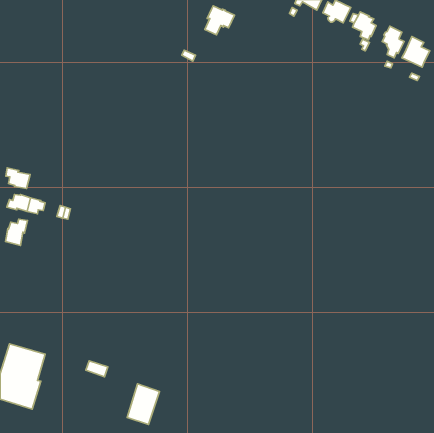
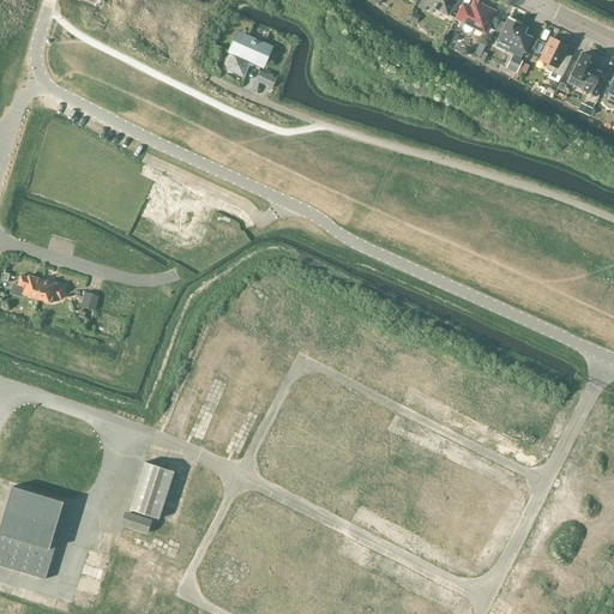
building: [205,6,234,35] -> [227,35,269,76]
building: [6,168,30,189] -> none
building: [5,219,27,245] -> none
building: [127,384,159,424] -> [130,460,175,518]

